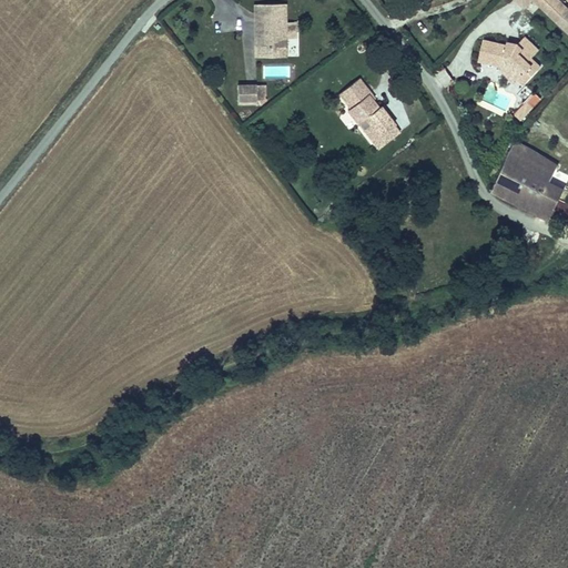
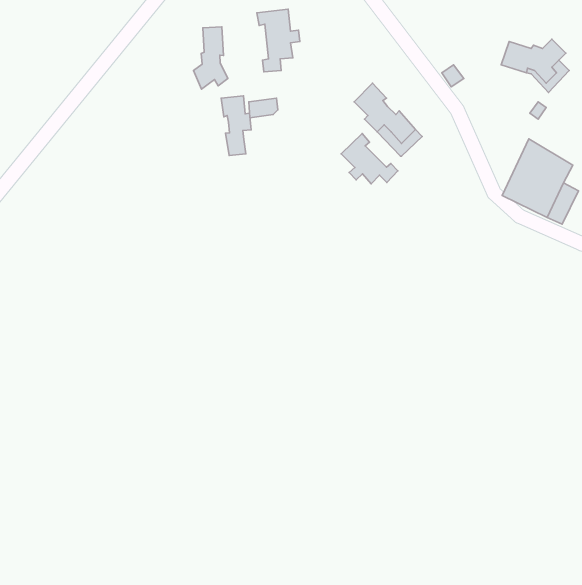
building: none -> [193,27,228,89]
building: none -> [221,96,251,156]
building: none -> [341,134,398,184]

